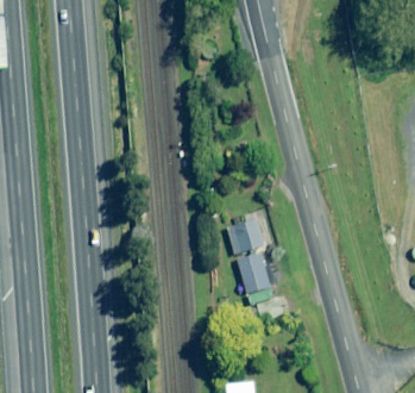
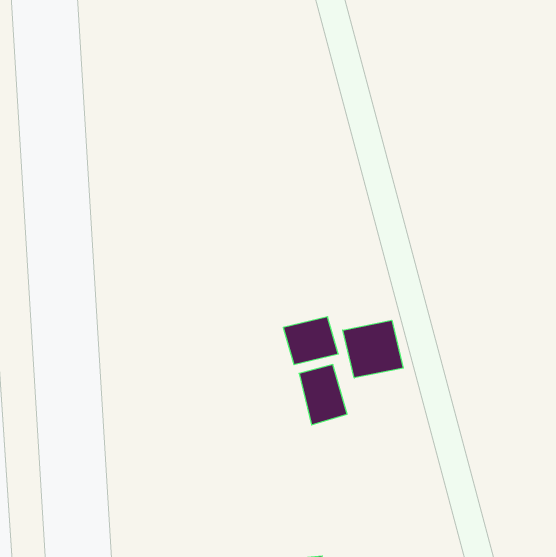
building: none -> [343,320,403,378]

